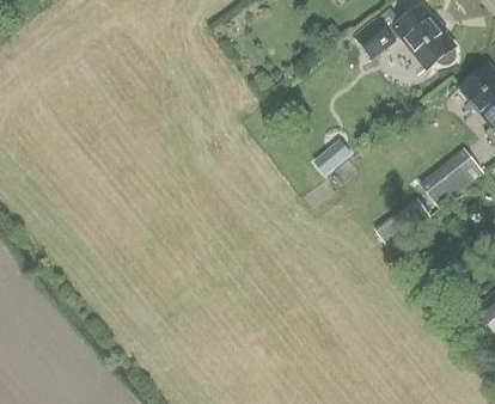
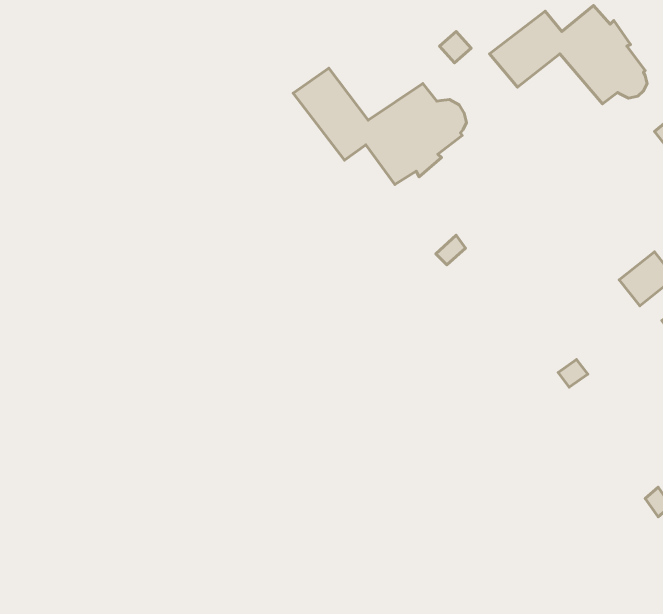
building: none -> [293,68,467,185]

